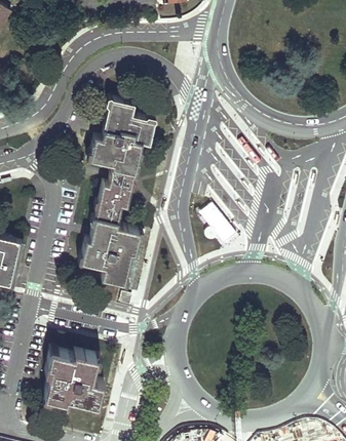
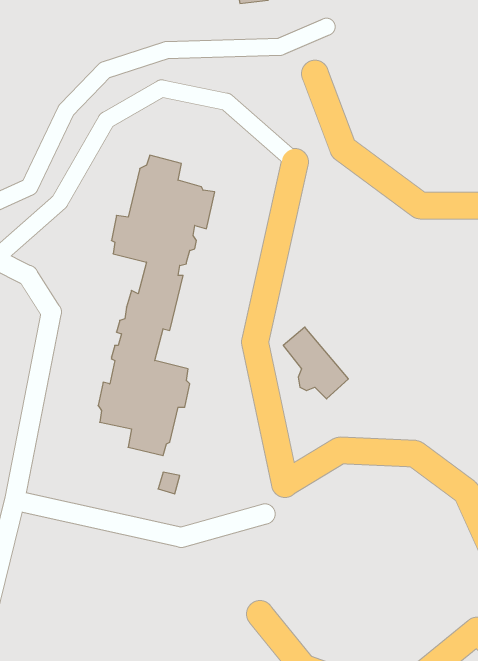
building: [41,349,102,401] -> none

